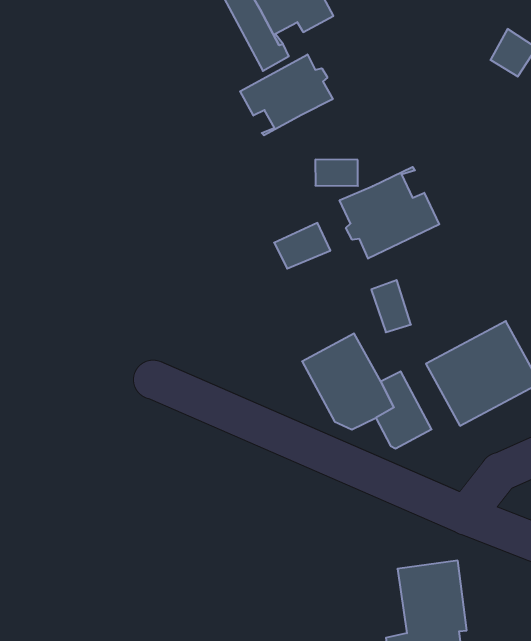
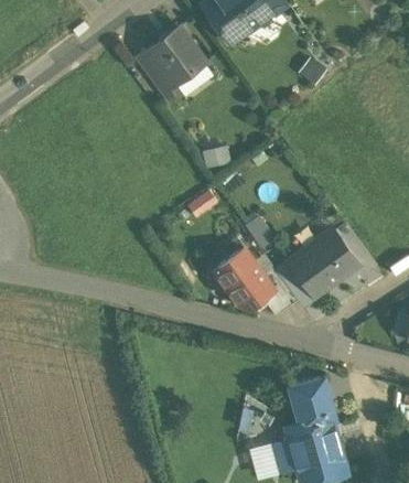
building: [240,54,333,135] -> none
building: [340,167,439,259] -> none

